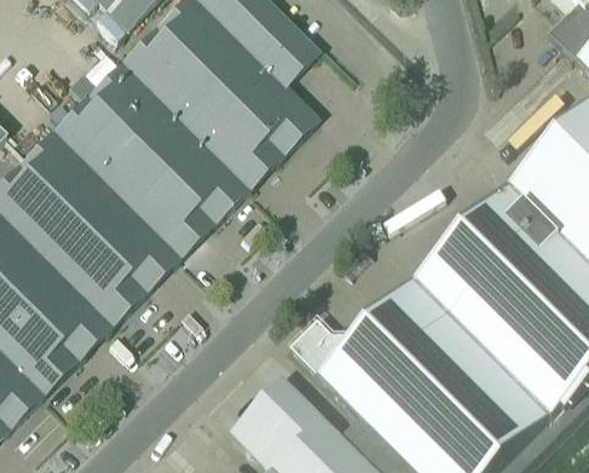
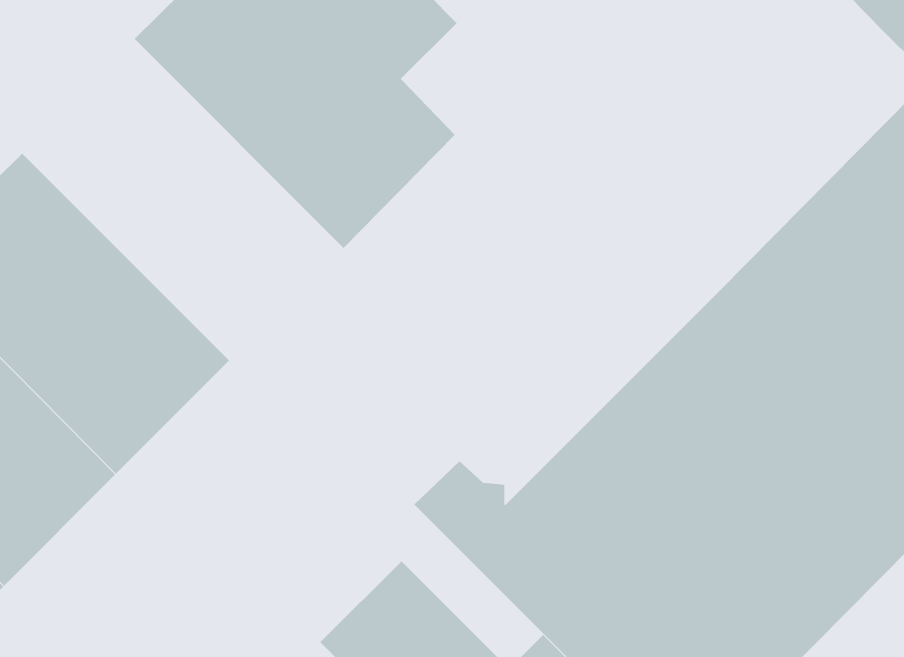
building: [52,62,247,256] -> none

